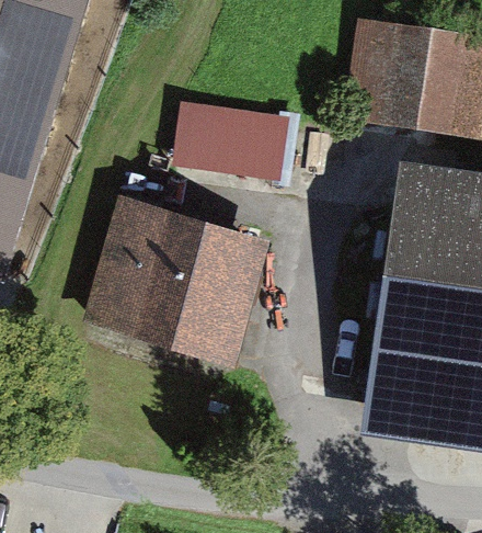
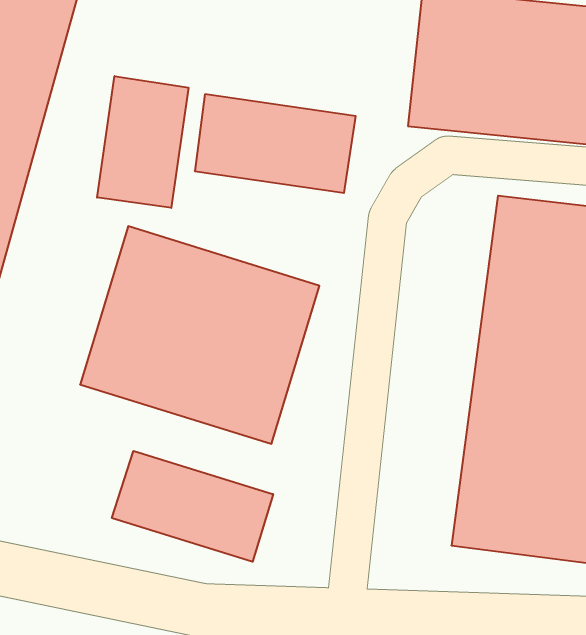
building: none -> [97,76,188,208]
building: none -> [112,451,273,562]

